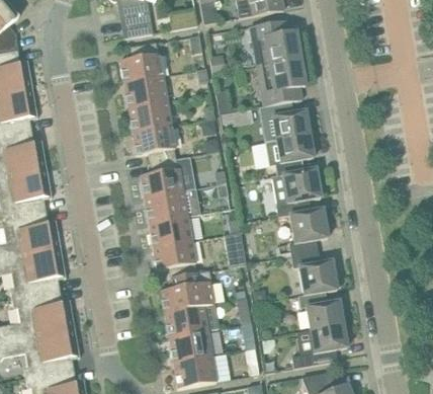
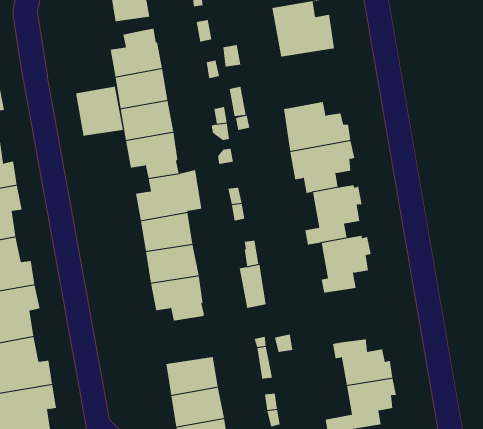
building: [257,59,306,106] -> none
building: none -> [75,86,123,137]
building: [291,251,341,295] -> none
building: [161,269,213,312] -> none

